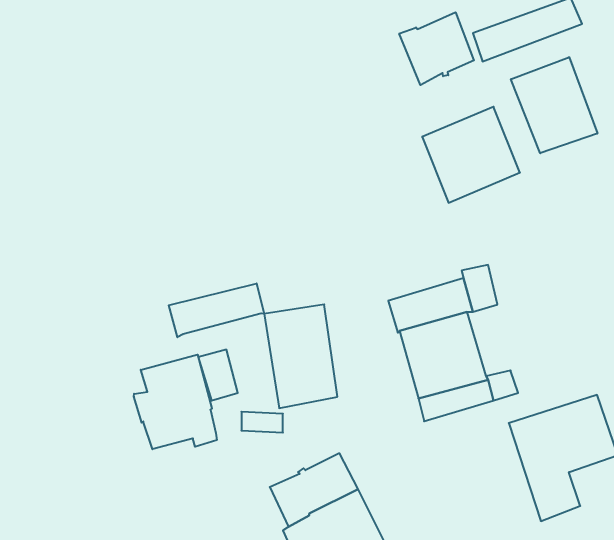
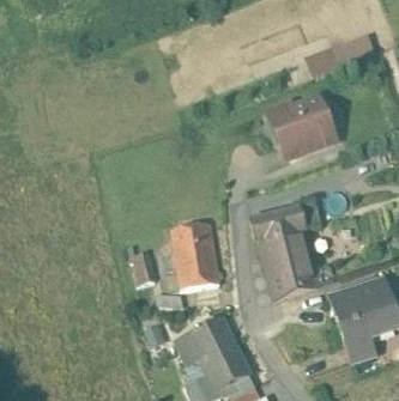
building: [399,12,474,85] -> none
building: [511,57,597,153] -> none
building: [169,283,264,337] -> none
building: [134,355,217,449] -> none

